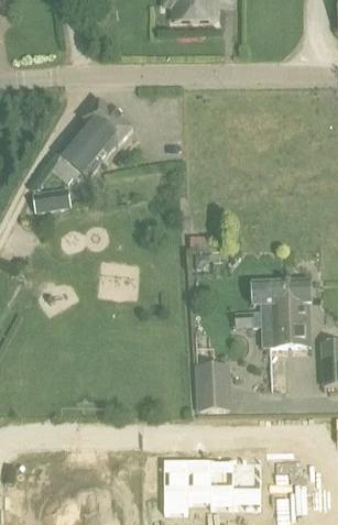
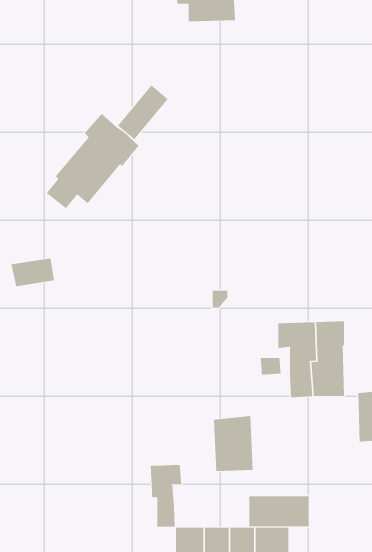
building: none -> [117,85,169,140]
building: [32,187,70,212] -> [11,258,55,287]
building: none -> [150,464,182,528]
building: none -> [249,496,309,527]

